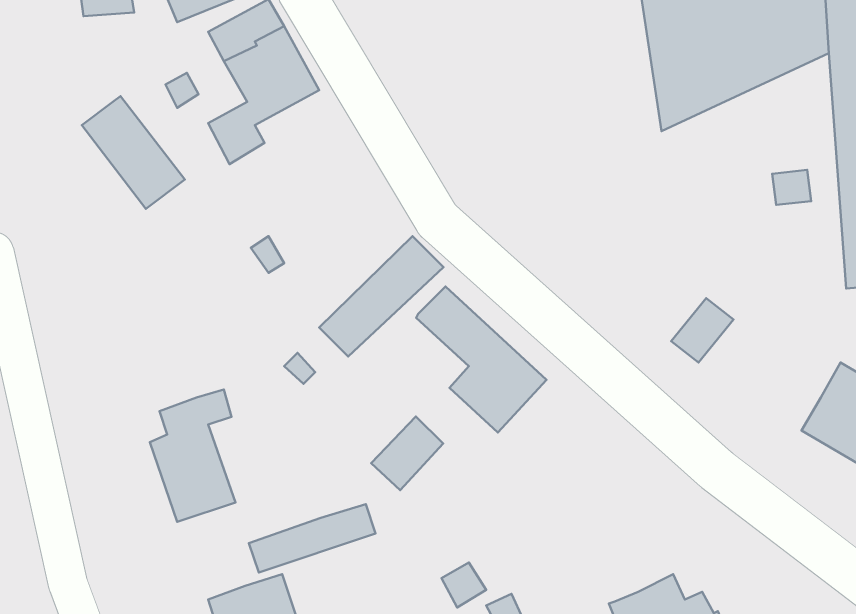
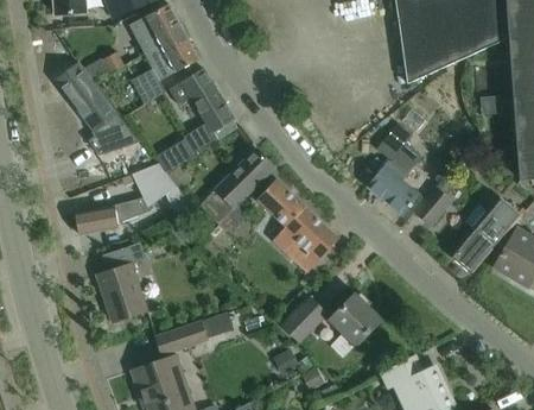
building: none -> [169,68,234,153]
building: none -> [89,118,131,156]
building: none -> [367,121,424,215]
building: none -> [75,163,174,235]
building: none -> [450,197,520,275]
building: [371,416,443,490] -> [282,294,326,339]
building: none -> [331,295,380,355]

